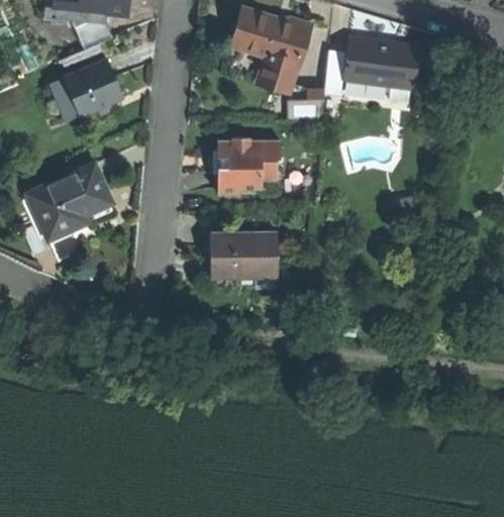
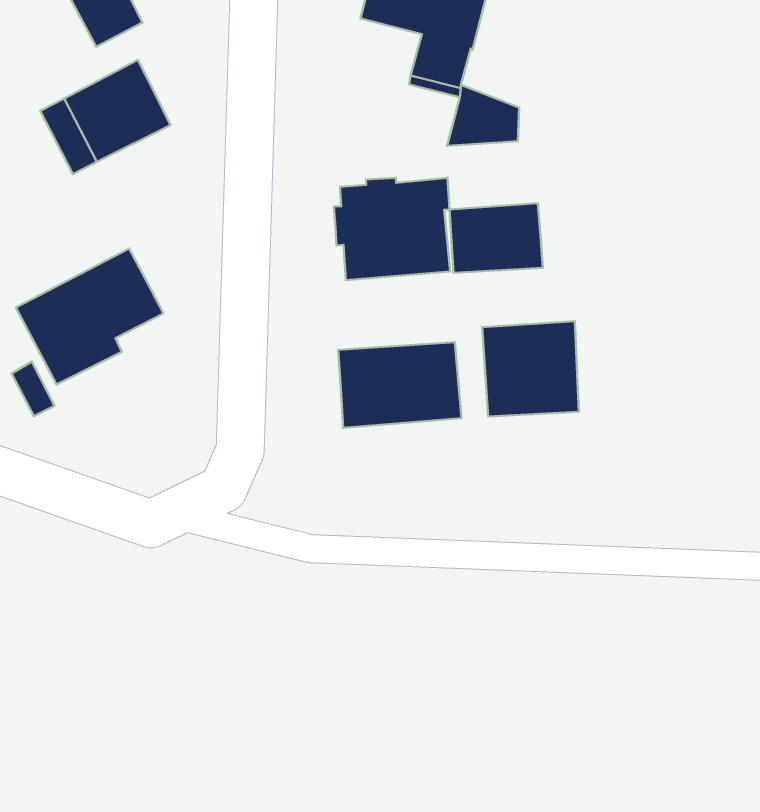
building: [336,45,412,92] -> none
building: none -> [449,203,543,273]
building: none -> [482,321,579,417]

